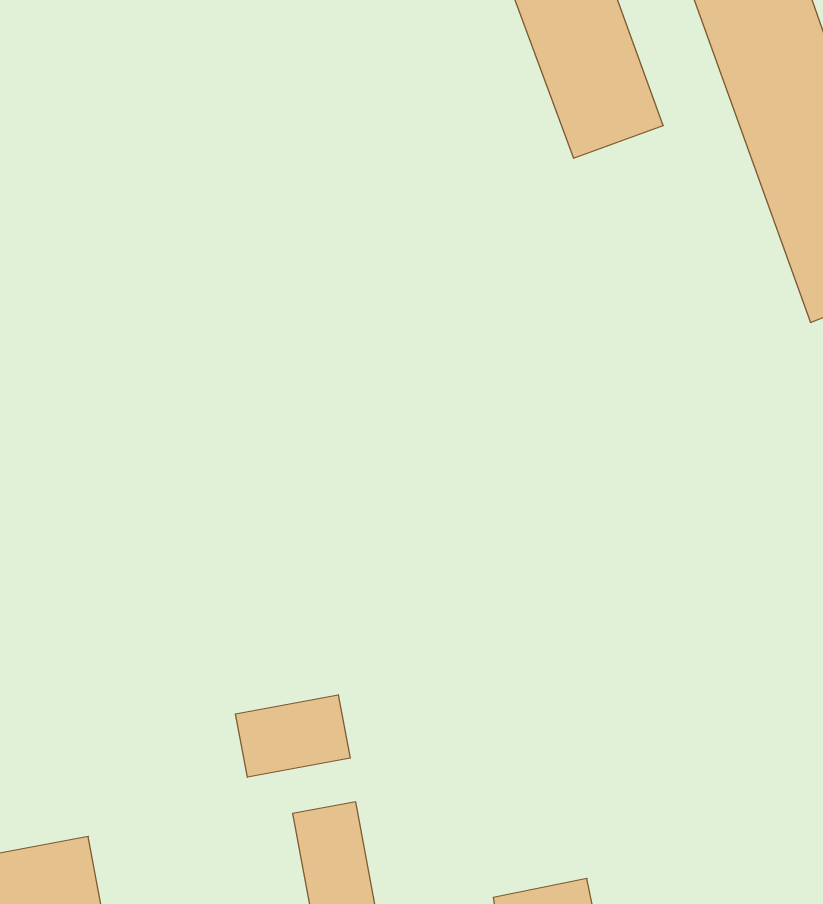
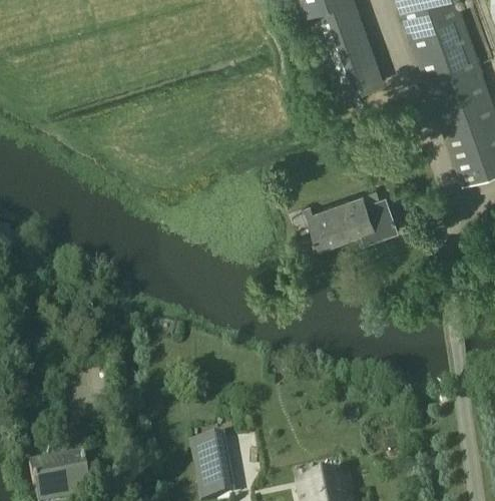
building: none -> [305,189,397,249]
building: [235,695,350,777] -> none

